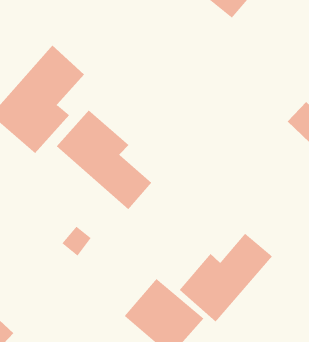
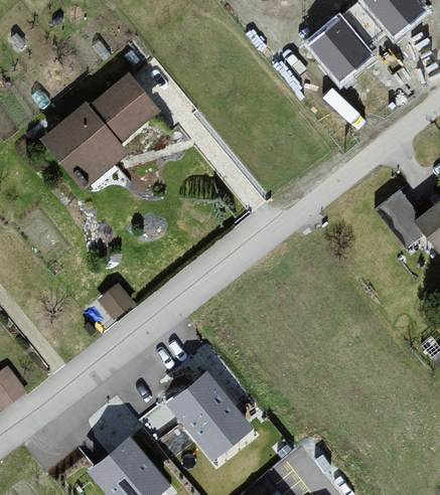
building: [56,110,152,210] -> none
building: [179,233,273,322] -> none

